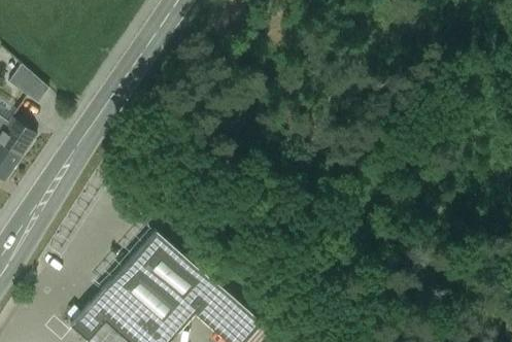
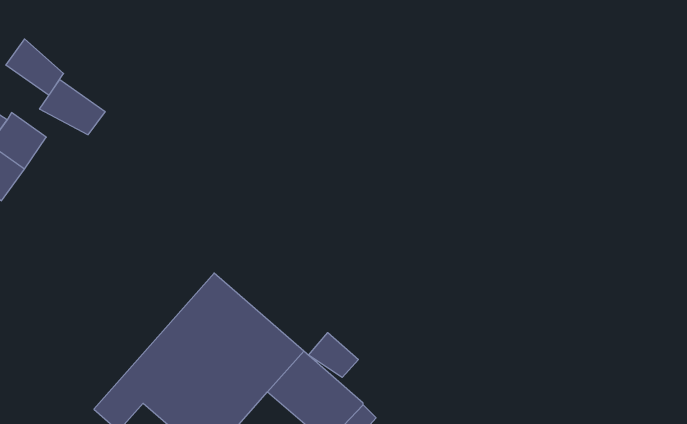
building: none -> [40,80,105,135]
building: none -> [308,333,358,377]

